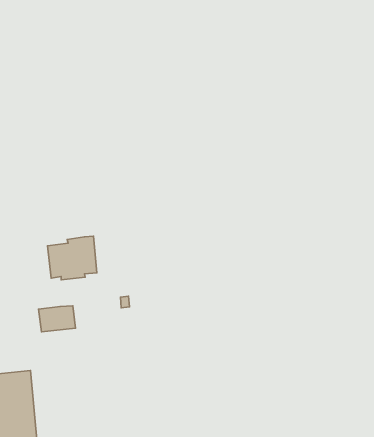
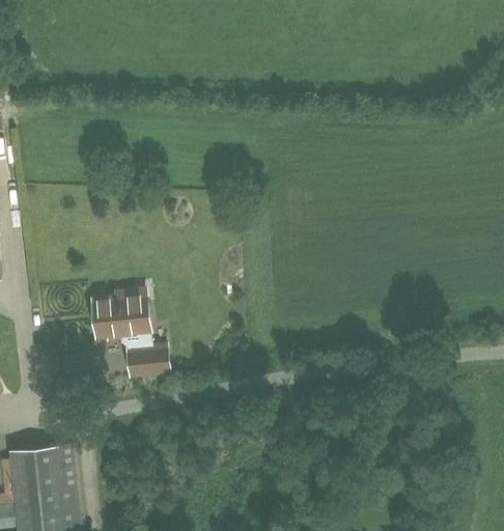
building: [39,306,76,332] -> [128,346,170,376]

